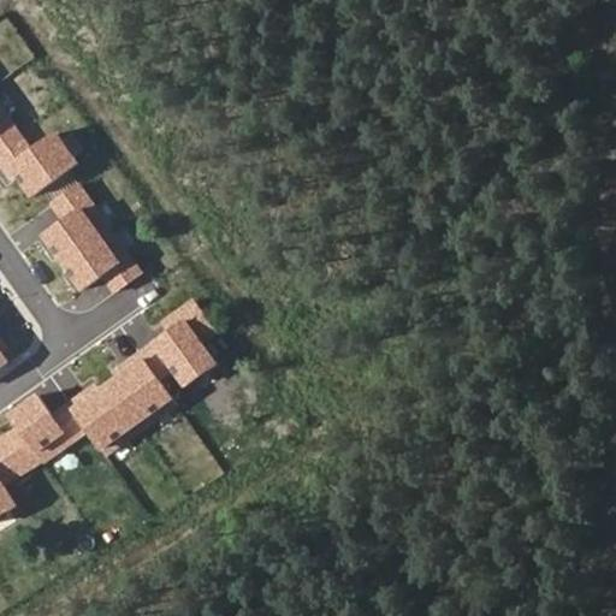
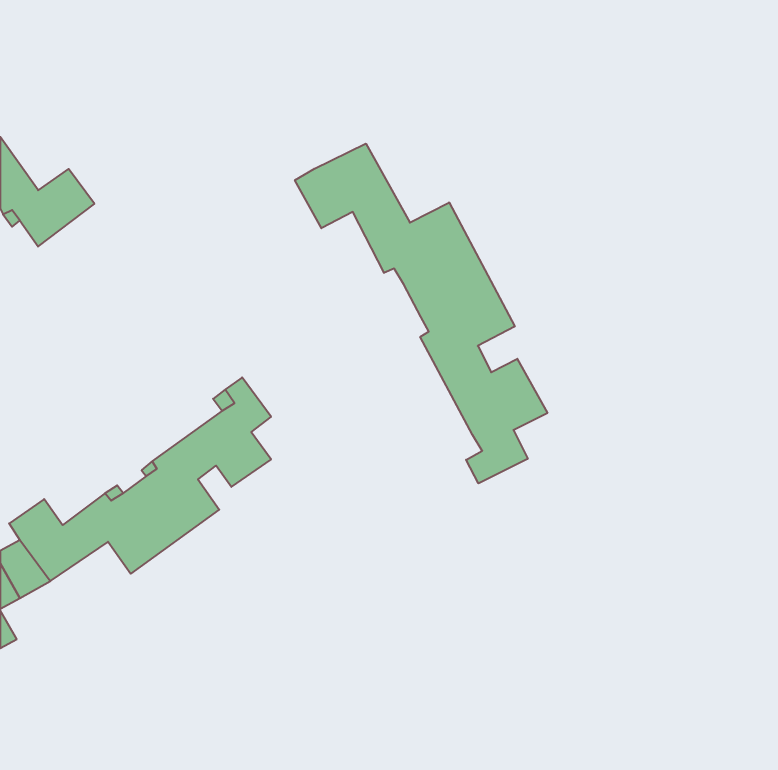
building: none -> [295,144,547,483]
building: [41,183,138,291] -> none

